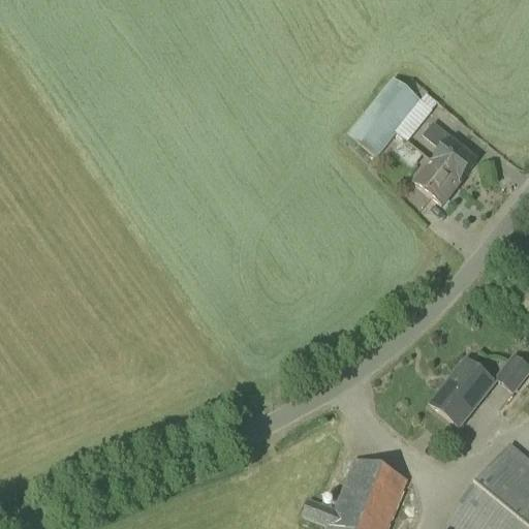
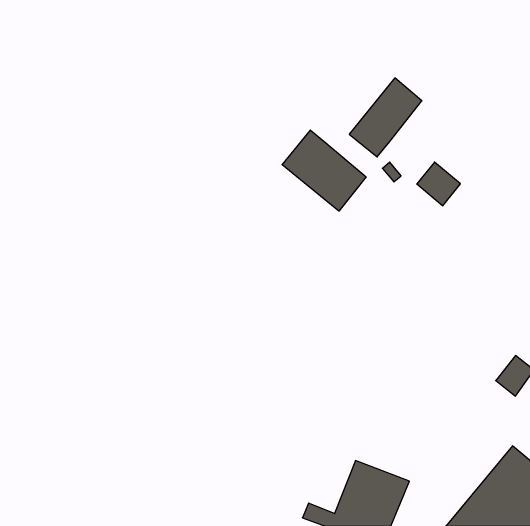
building: [423,121,477,183] -> none
building: none -> [282,130,366,211]
building: [431,359,495,422] -> none

